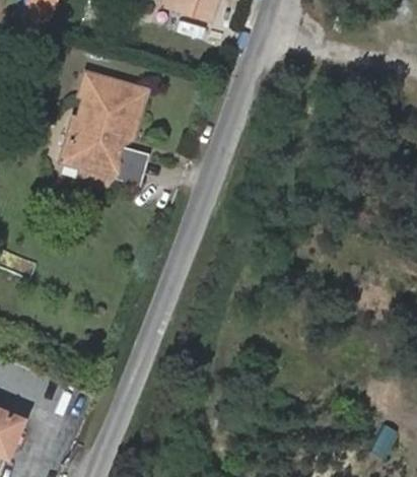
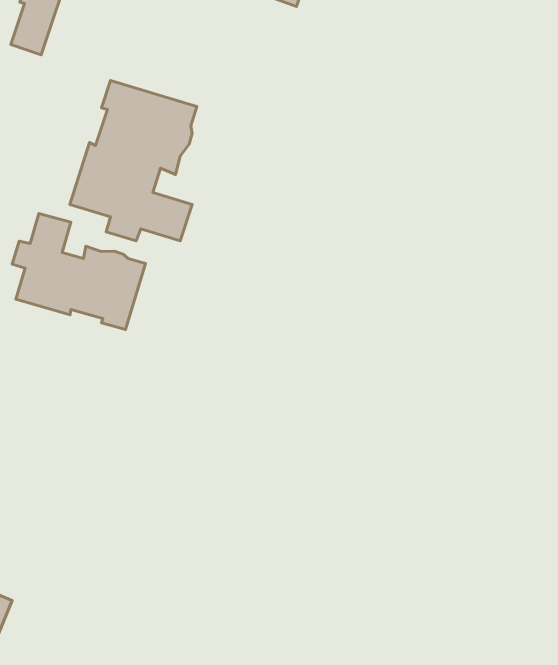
building: none -> [12,213,145,329]

